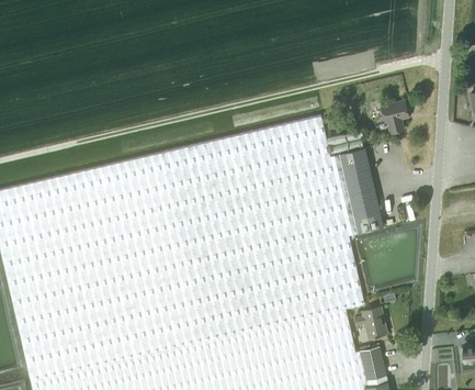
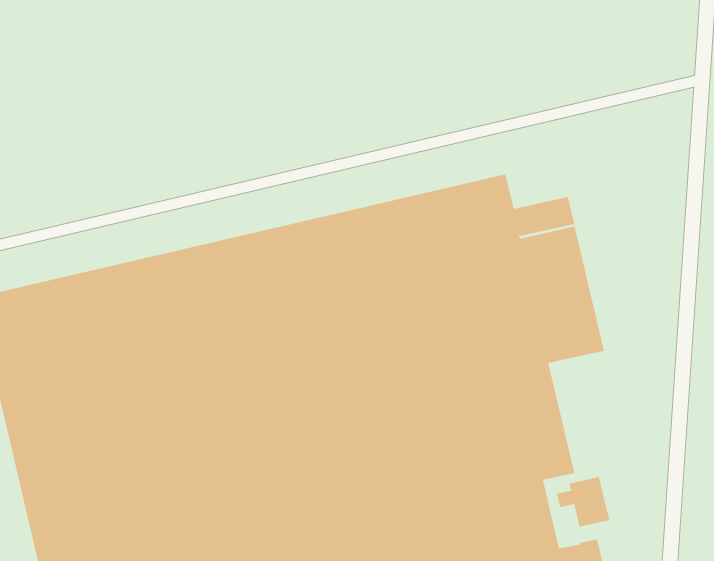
building: [369,100,409,133] -> none

